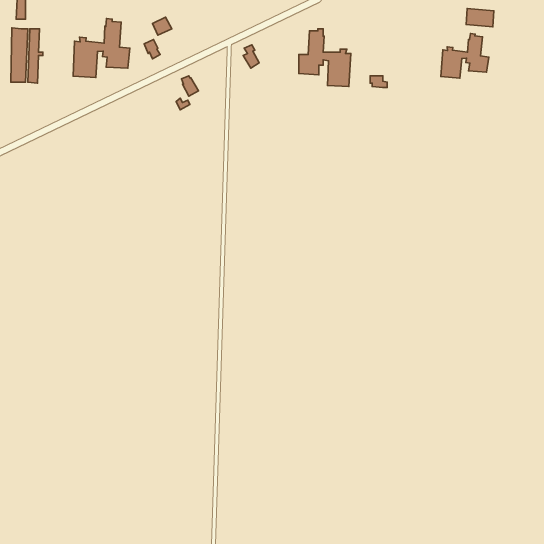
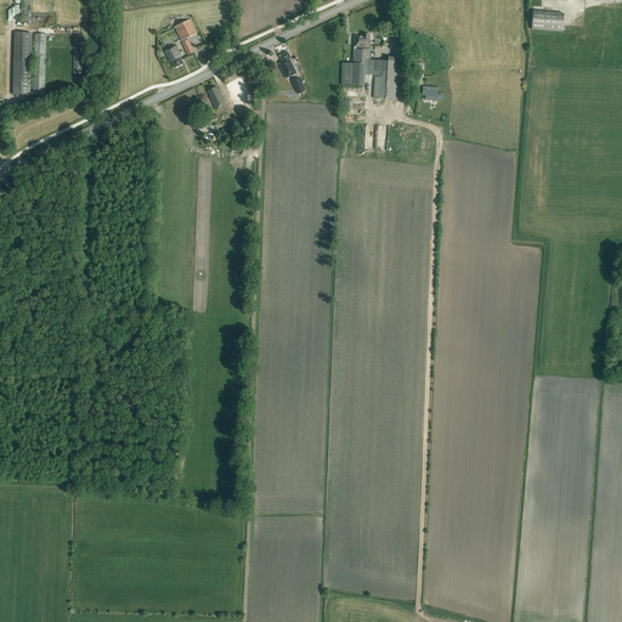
building: [73,19,130,77] -> none
building: [441,34,489,78] -> none

